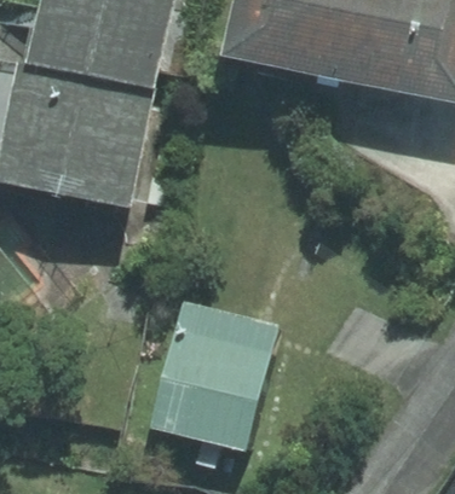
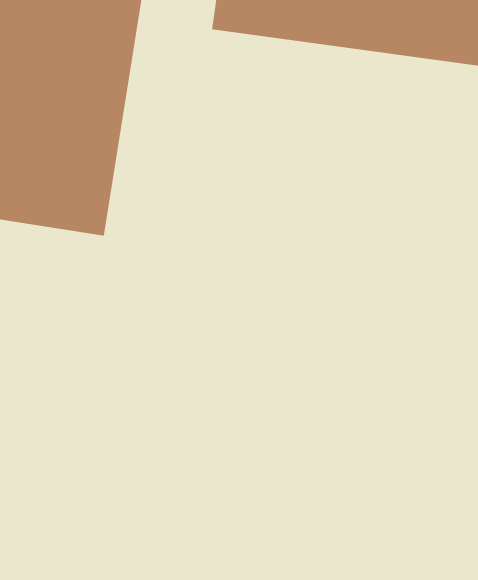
building: [156,332,273,451] -> none

